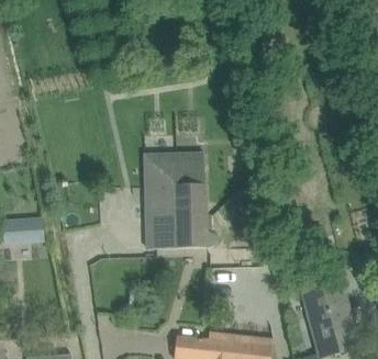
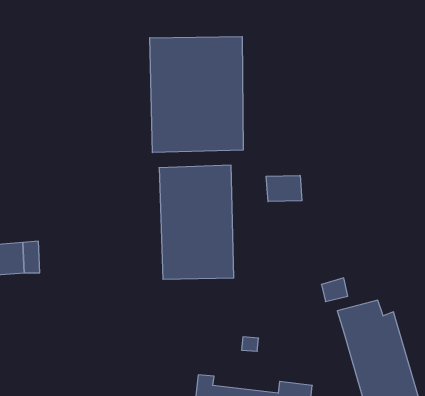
building: none -> [150,37,243,153]
building: none -> [266,175,302,202]

